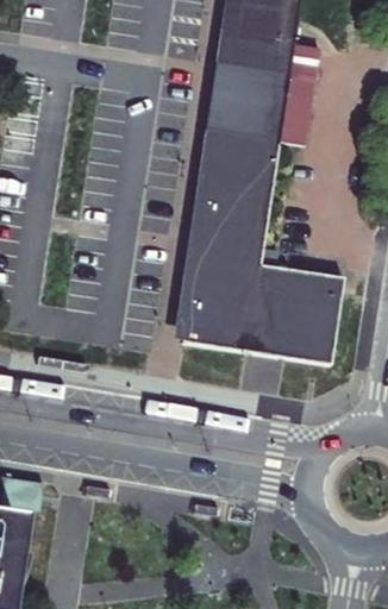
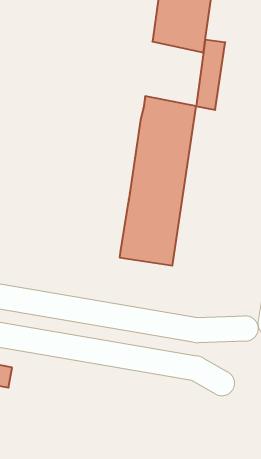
building: [211,57,287,142] -> none
building: [246,259,342,364] -> none

